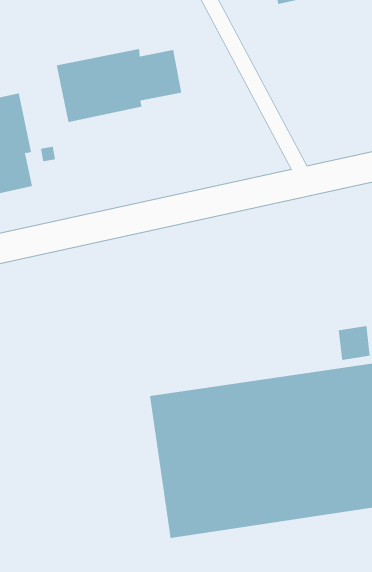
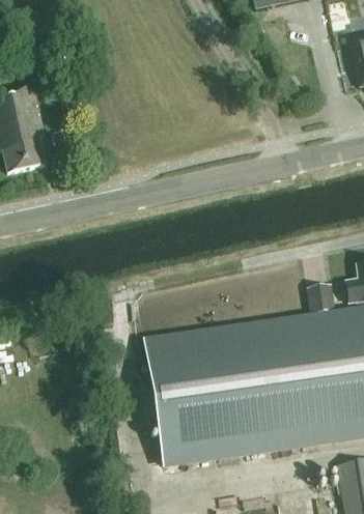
building: [56,48,182,123] -> none

